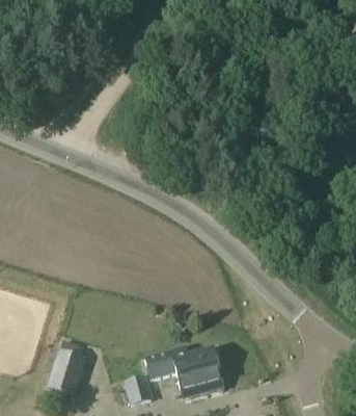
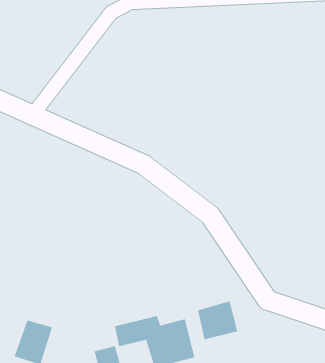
building: none -> [197,300,238,340]

